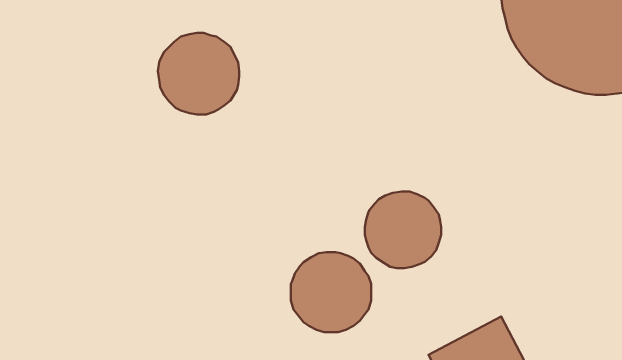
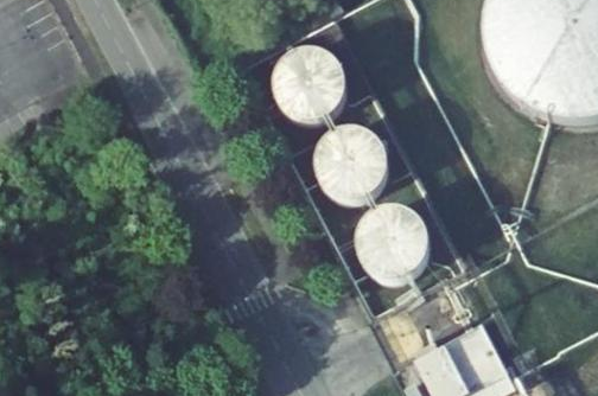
building: [158,33,239,114] -> [271,47,346,123]
building: [291,252,371,332] -> [313,128,388,203]

